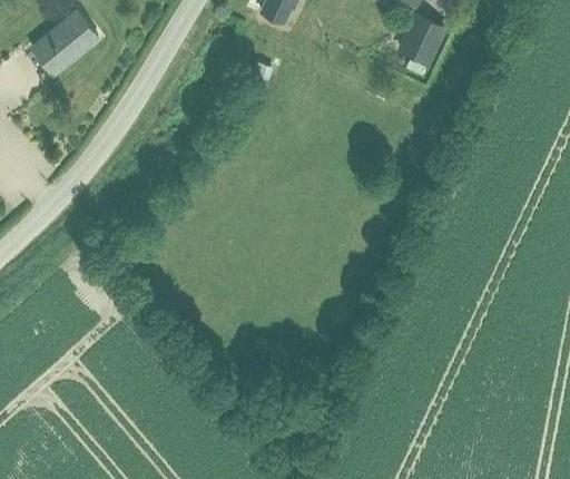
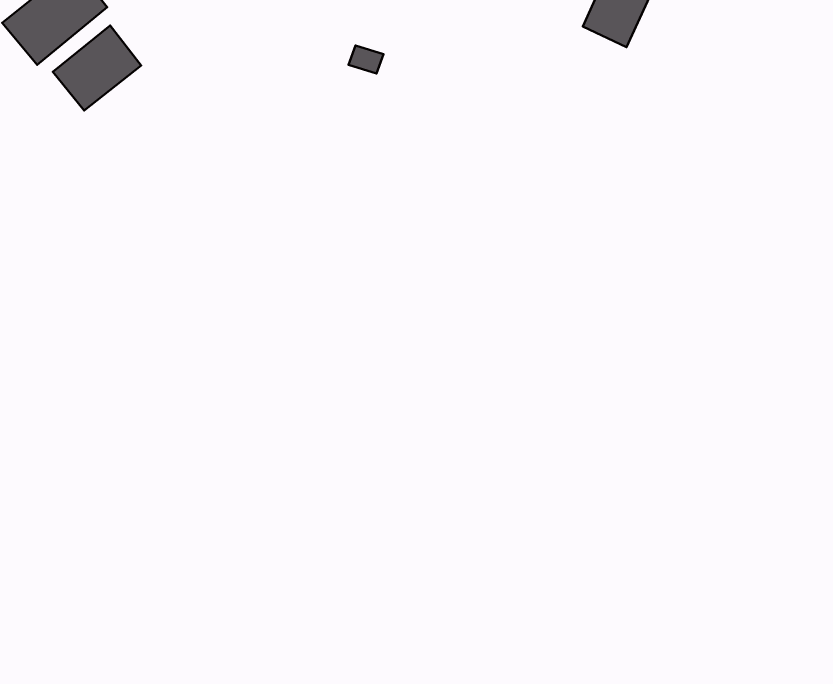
building: none -> [53,26,141,110]

